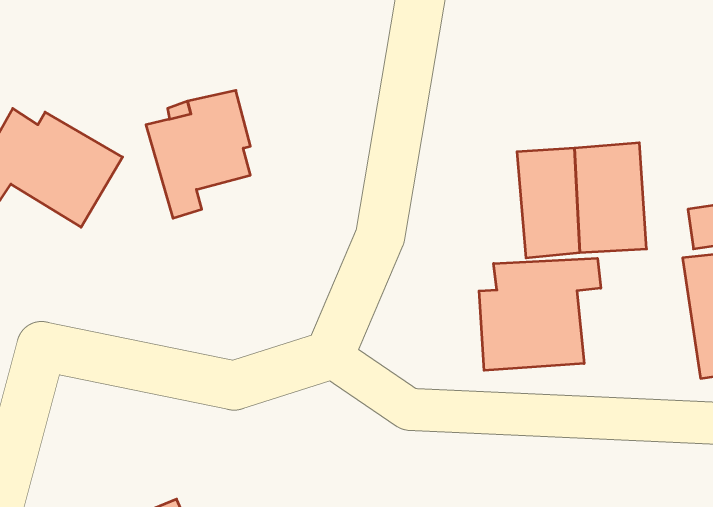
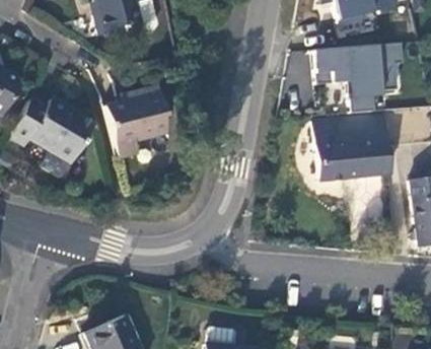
building: none -> [311,41,404,110]
building: [479,258,601,370] -> none

